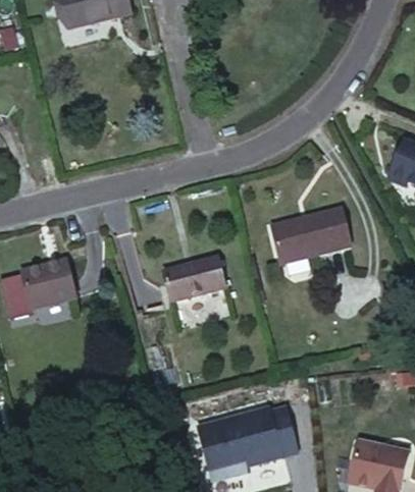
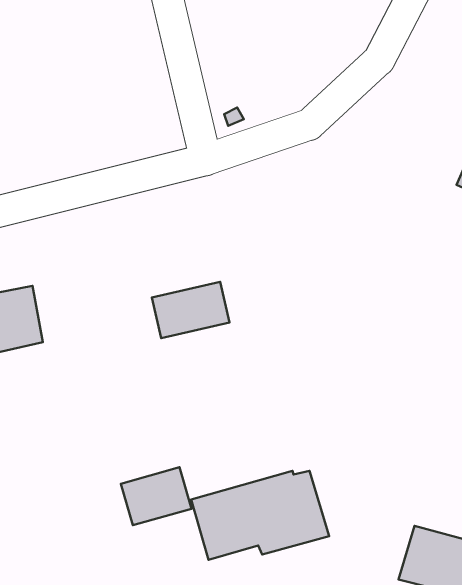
building: [270,214,348,266] -> none
building: none -> [121,467,191,525]

